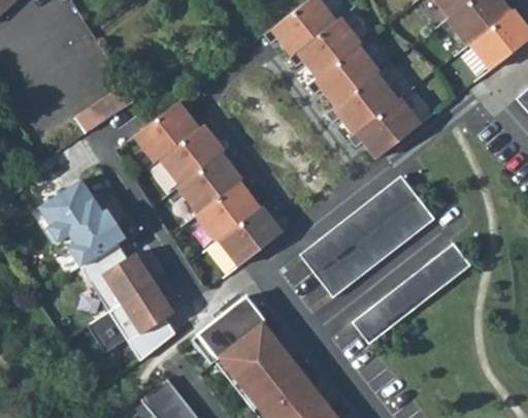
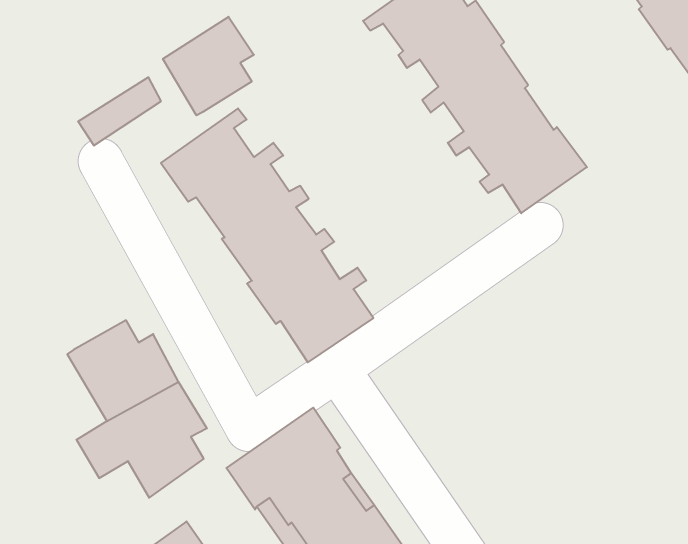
building: none -> [163,17,254,115]
building: [300,176,436,298] -> none
building: [39,179,127,265] -> none
building: [353,243,471,346] -> none

